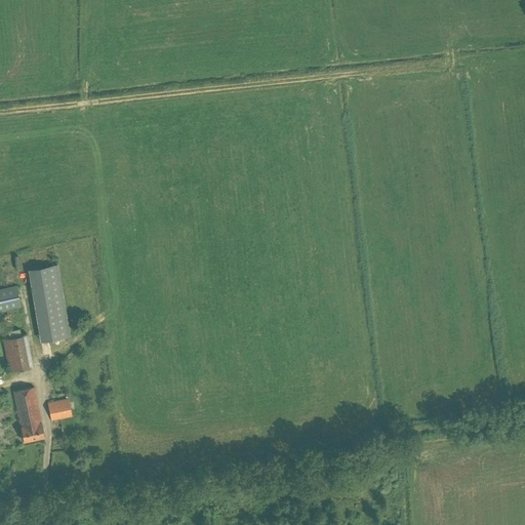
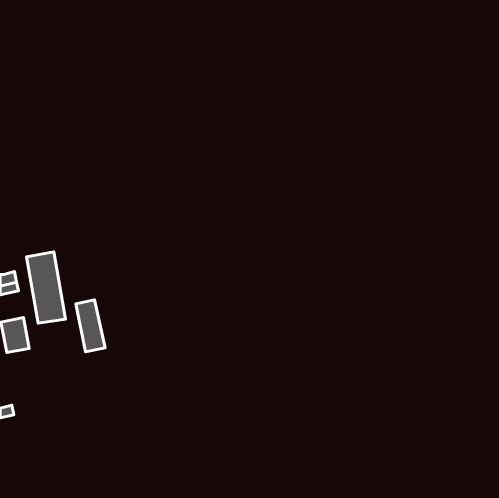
building: [13,388,44,442] -> [76,300,105,352]
building: [47,399,72,421] -> none

